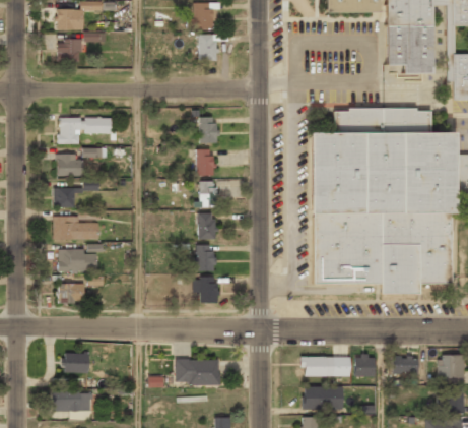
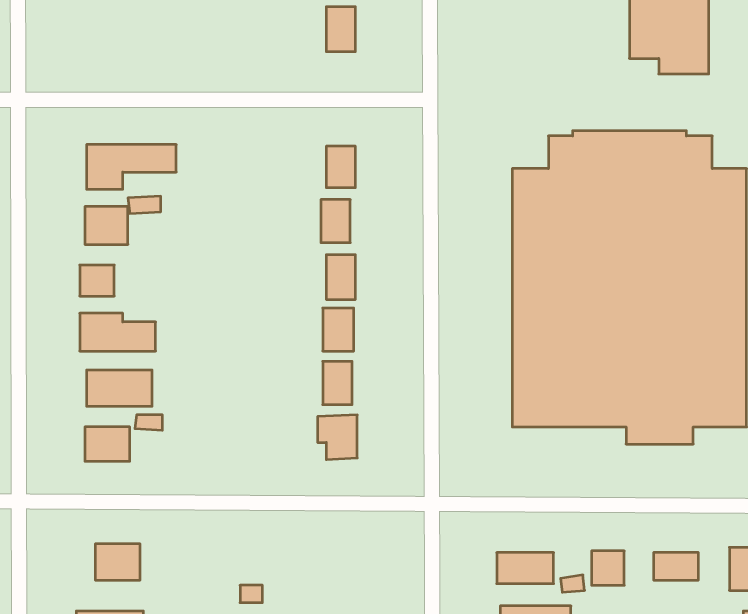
building: [58,39,82,62] -> none
building: [176,361,220,385] -> none

